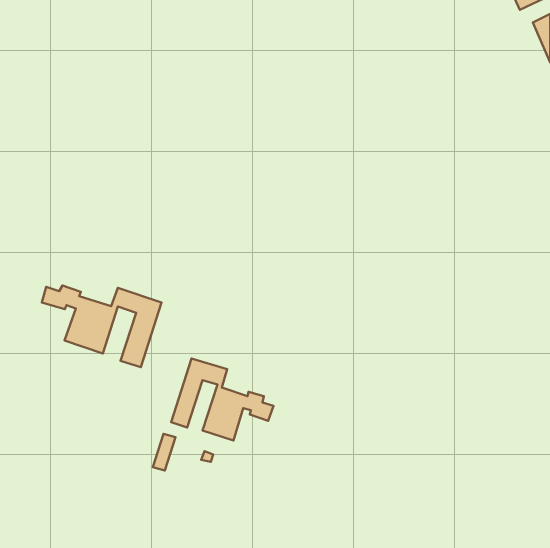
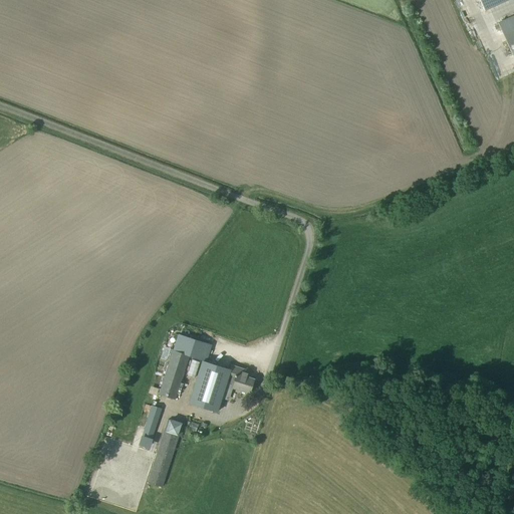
building: [42,285,161,367] -> none
building: none -> [149,418,183,481]

